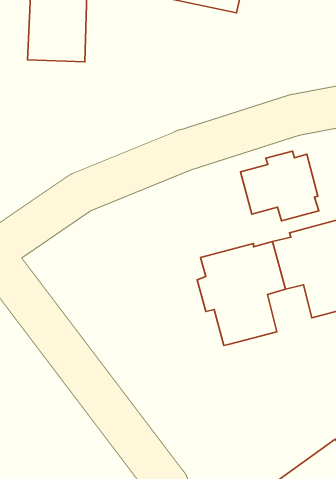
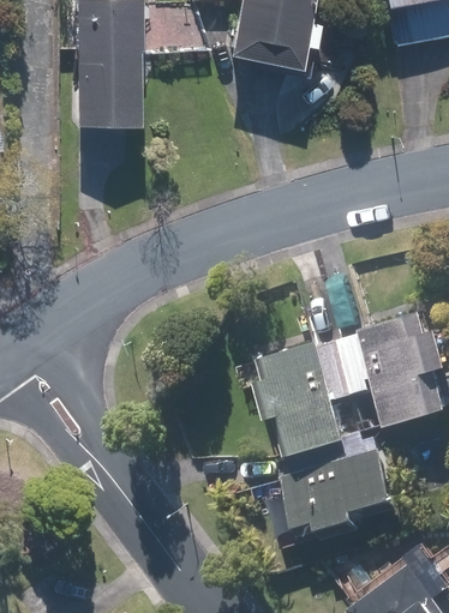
building: [240,151,319,221] -> none
building: none -> [283,439,396,542]

